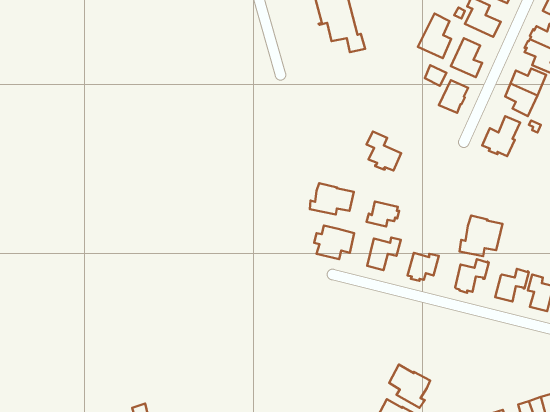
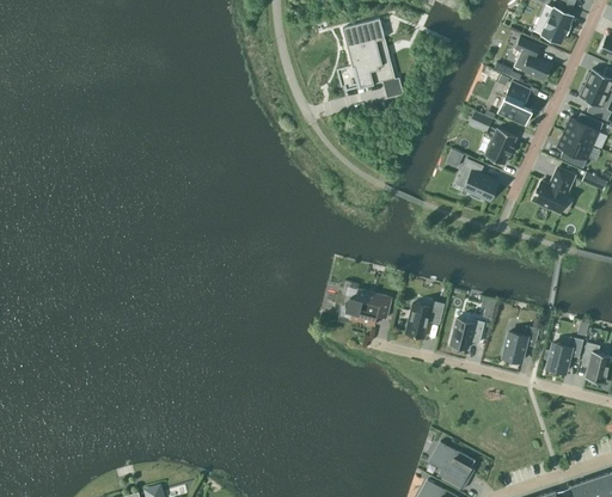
building: [418,13,451,58] -> none
building: [366,131,401,170] -> [460,159,498,202]
building: [310,183,354,215] -> none
building: [366,202,399,227] -> none
building: [459,216,502,256] -> none

